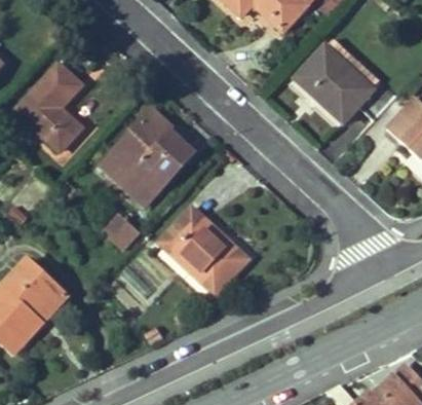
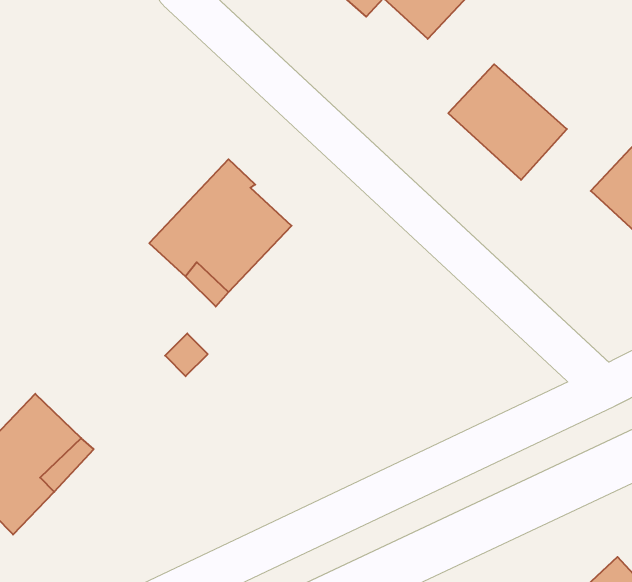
building: [16,63,81,151] -> none
building: [158,207,245,292] -> none

